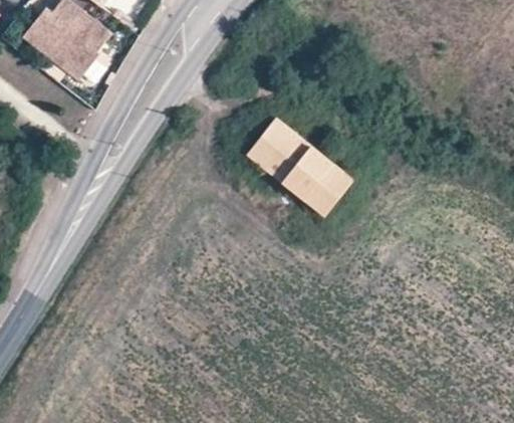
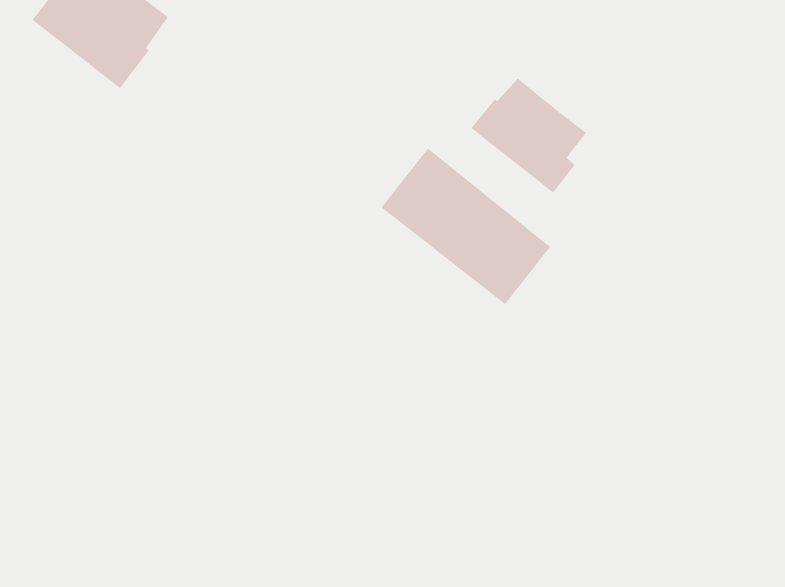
building: none -> [470,78,587,193]

